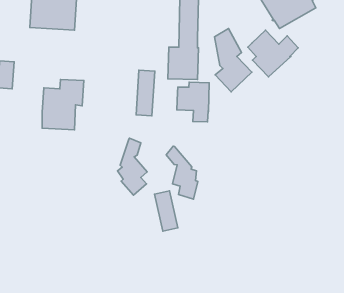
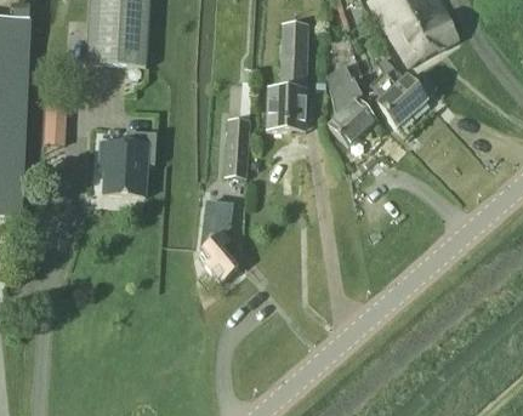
building: [177,82,209,122] -> none
building: [166,146,198,199] -> none
building: [154,191,178,231] -> none

